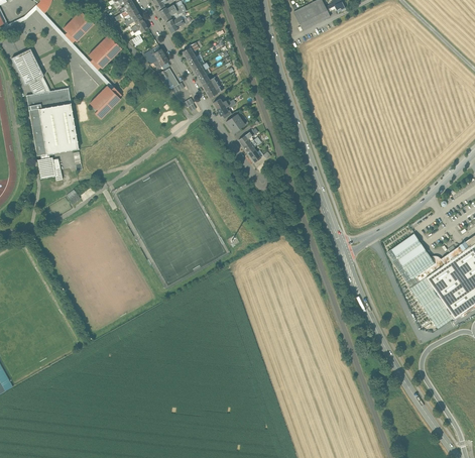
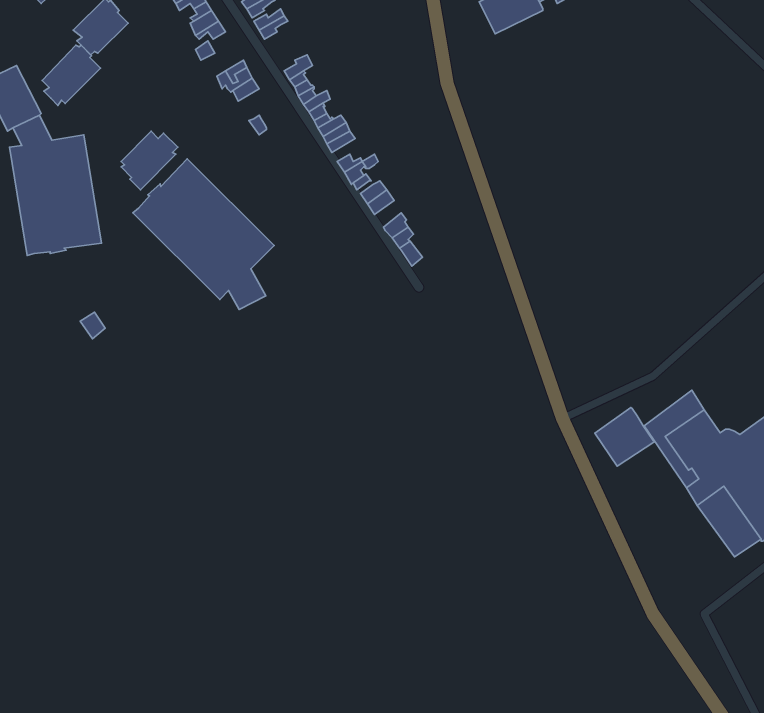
building: [89,35,122,70] -> [42,45,101,105]
building: none -> [133,159,274,310]
building: [37,154,63,181] -> none
building: none -> [595,407,655,466]

